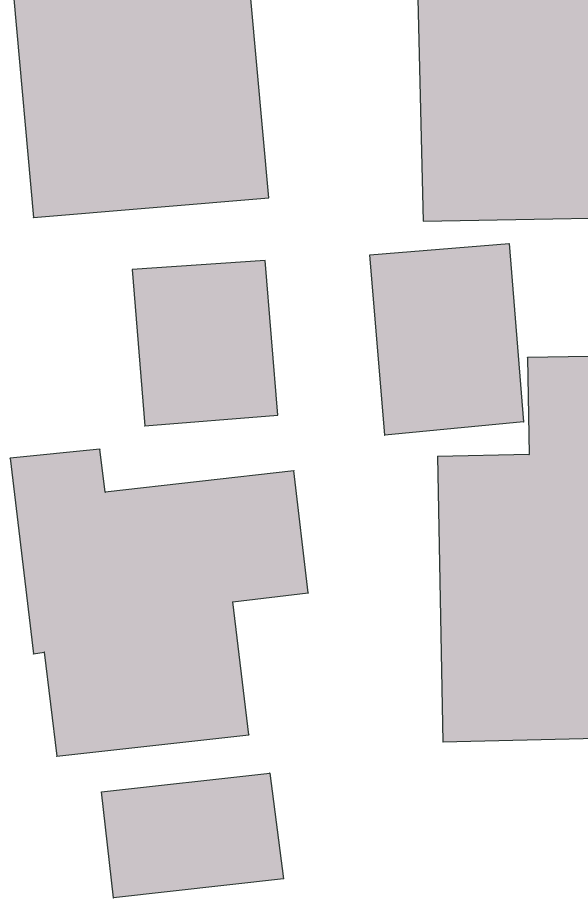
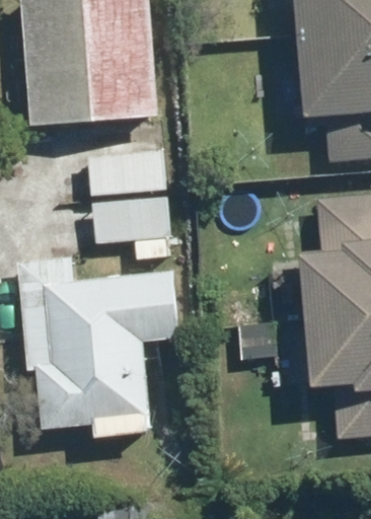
building: [370,244,524,435] -> none
building: [102,773,284,898] -> none

